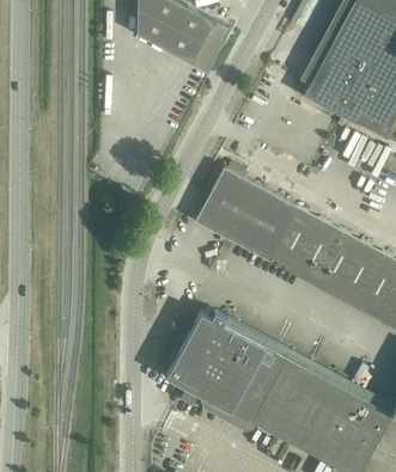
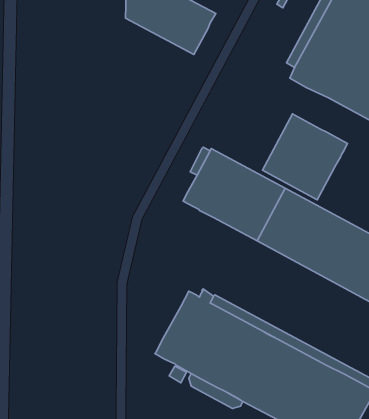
building: none -> [262,114,347,200]

